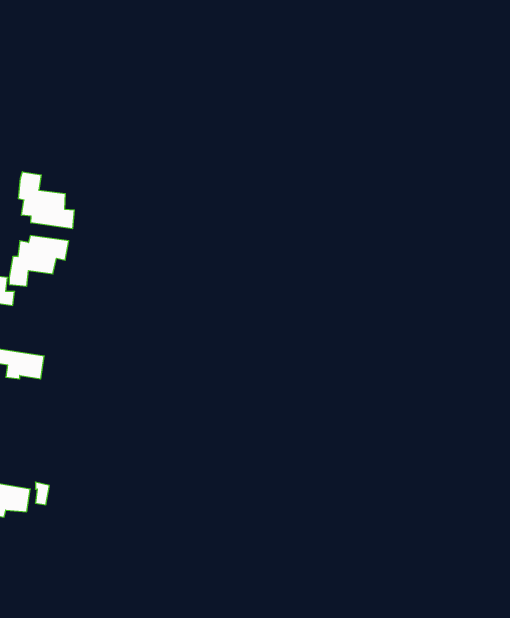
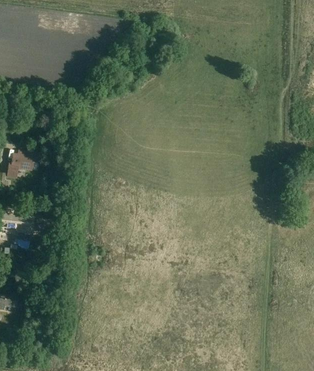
building: [18,172,74,229] -> none

